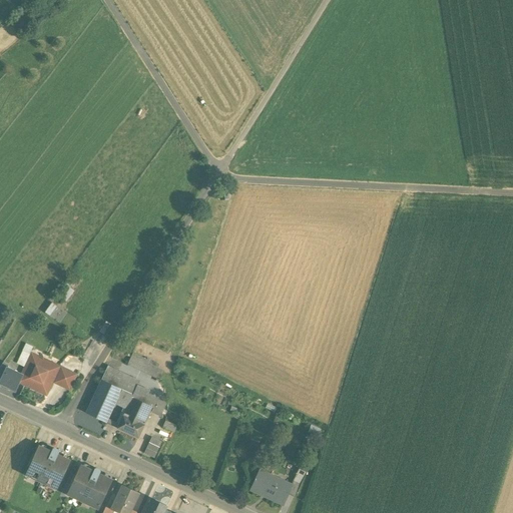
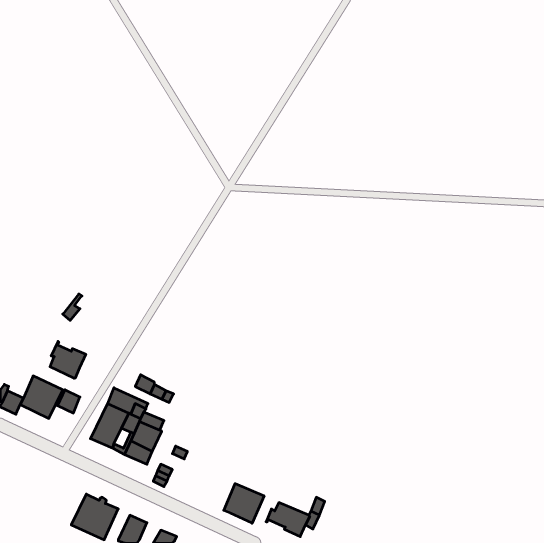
building: none -> [50,341,86,378]
building: [26,445,69,489] -> none
building: none -> [224,484,264,523]

